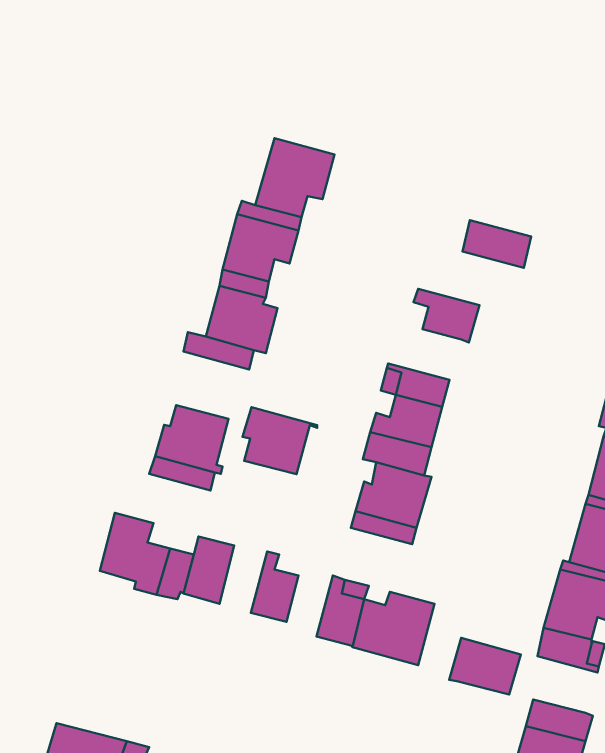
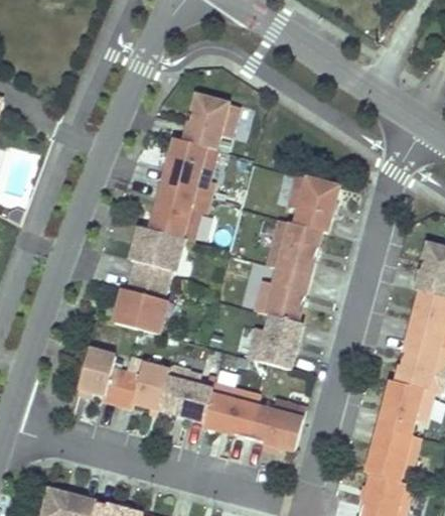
building: [462,220,531,268] -> [293,175,339,208]
building: none -> [273,220,322,258]
building: [243,407,317,474] -> [129,239,179,284]
building: none -> [159,368,191,415]
building: none -> [202,384,236,431]
building: [449,638,521,695] -> [365,444,414,483]

